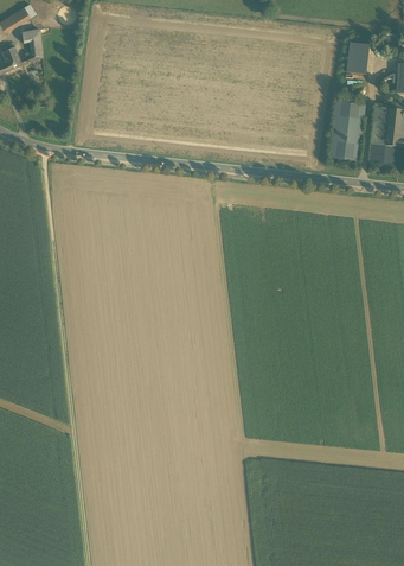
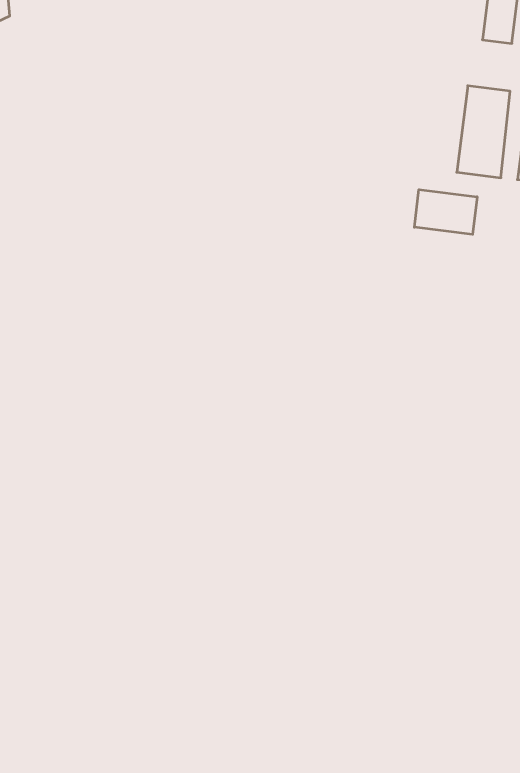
building: none -> [414,190,477,234]

